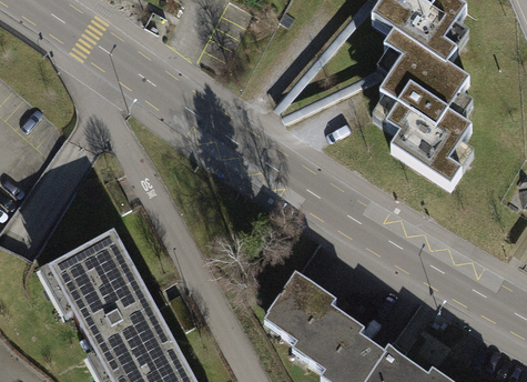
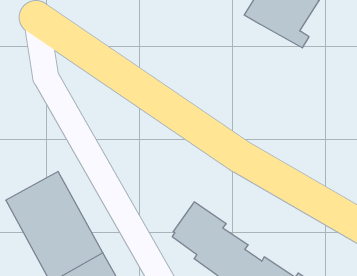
building: [371,40,460,189] -> none

